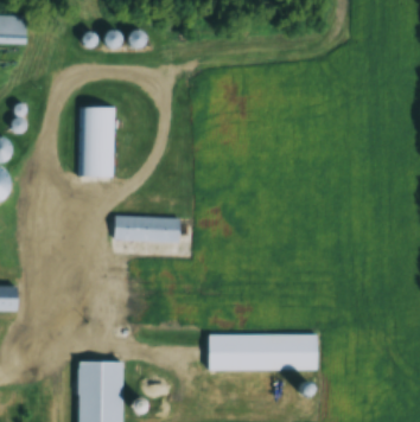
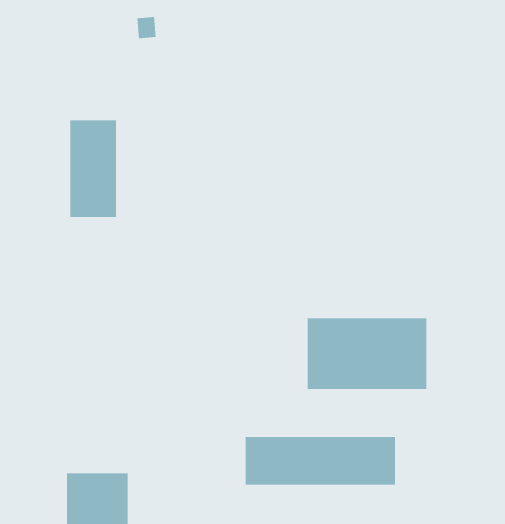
building: [114,215,180,242] -> none
building: none -> [307,317,427,390]

